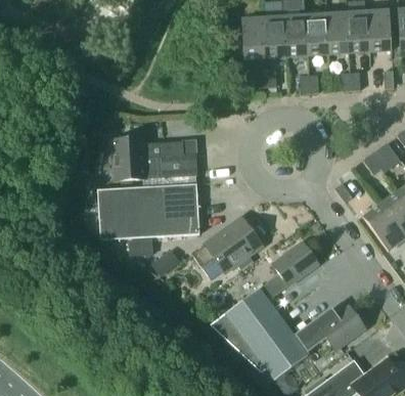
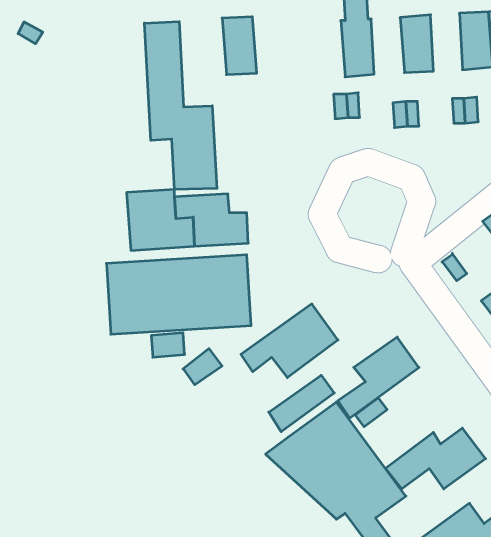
building: [326,12,349,53] -> none
building: [284,15,308,55] -> none
building: [241,17,266,58] -> [222,17,257,75]
building: none -> [144,22,217,190]
building: none -> [269,375,334,432]

